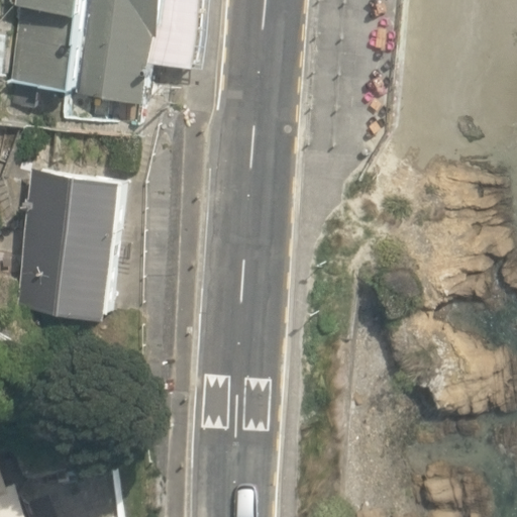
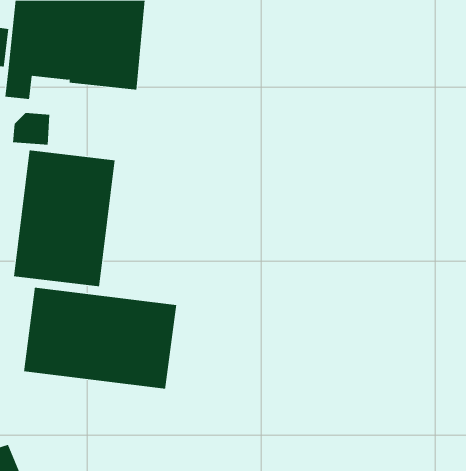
building: none -> [23,287,177,389]

